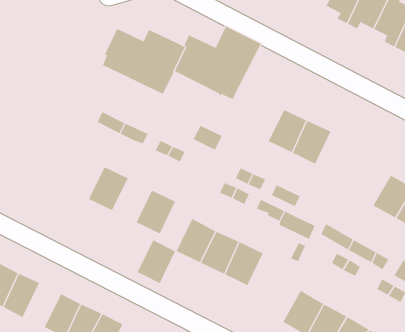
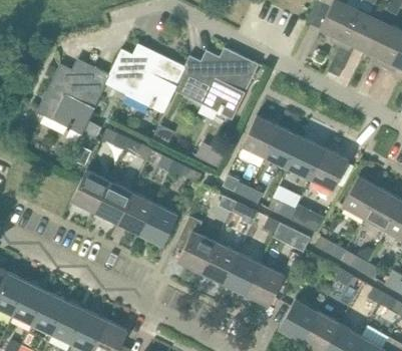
building: none -> [36,64,111,136]
building: none -> [242,115,280,157]
building: none -> [310,148,348,191]
building: none -> [71,170,109,213]
building: none -> [342,177,381,219]
building: none -> [291,204,325,233]
building: [137,239,176,284] -> [117,193,154,235]
building: none -> [246,264,284,306]
building: none -> [32,292,68,334]

